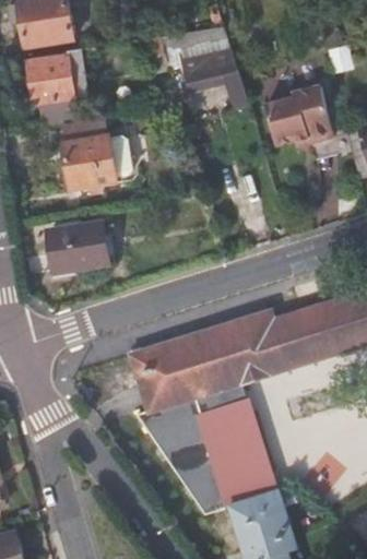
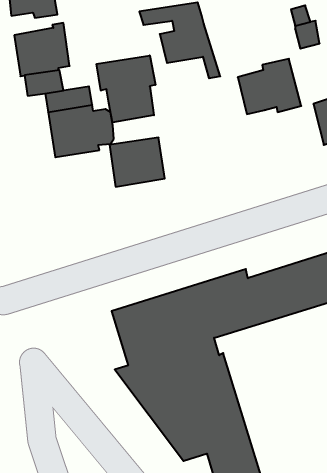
building: none -> [97,55,155,122]
building: [50,222,109,274] -> [109,138,165,187]

